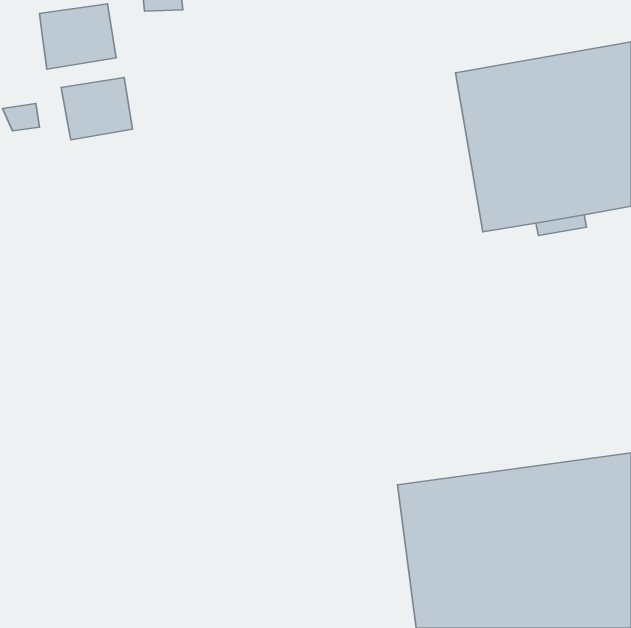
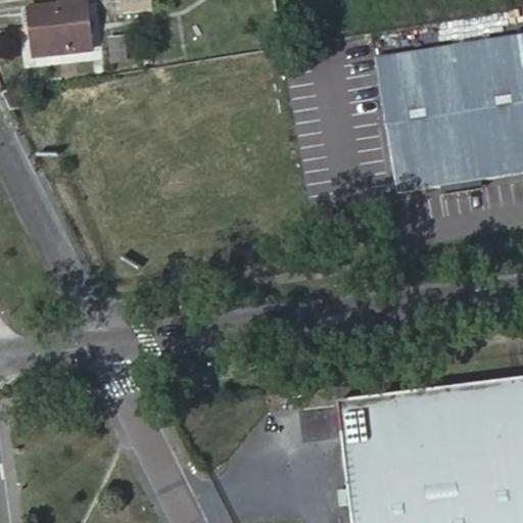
building: [61,77,133,140] -> none

